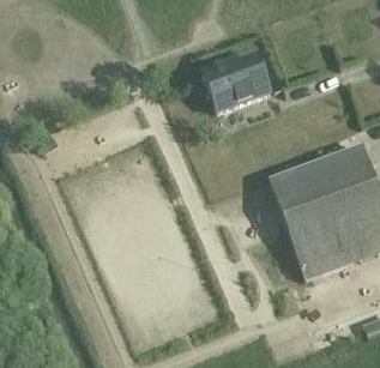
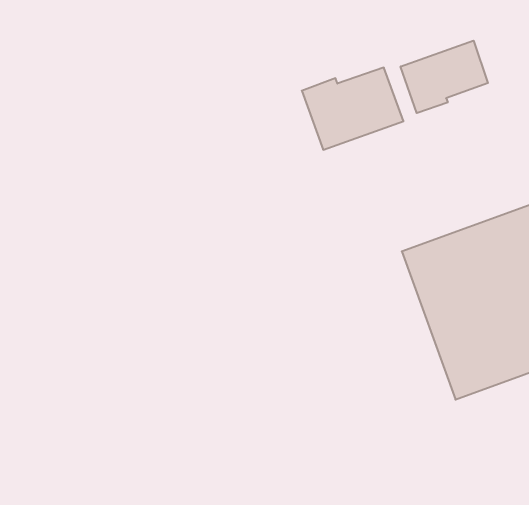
building: none -> [401,41,488,113]

